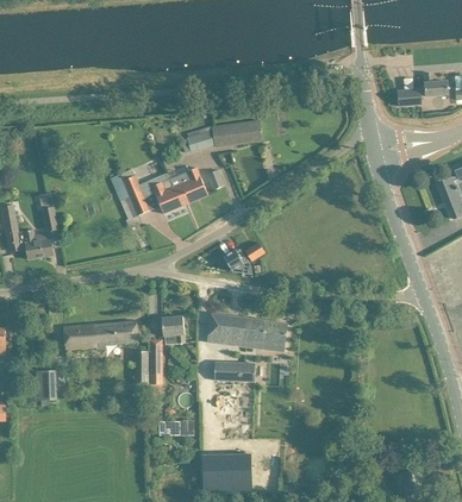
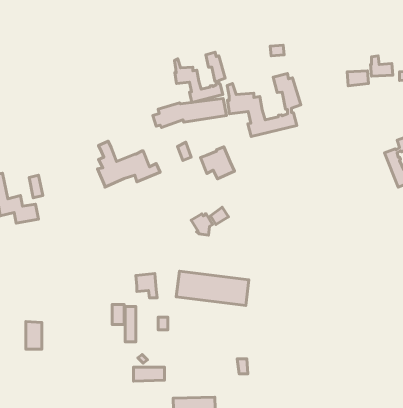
building: none -> [174,52,225,102]
building: none -> [227,74,301,136]
building: [169,167,207,202] -> [200,147,235,179]
building: [63,320,137,349] -> none
building: [212,360,254,383] -> none

